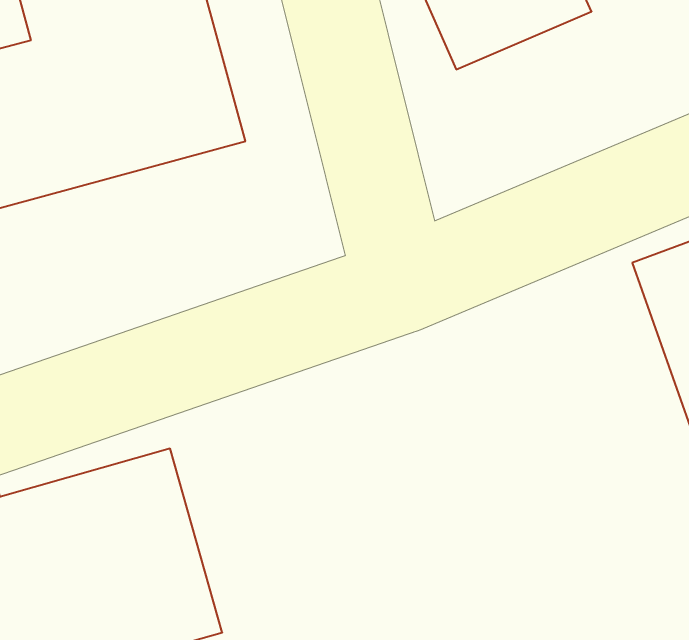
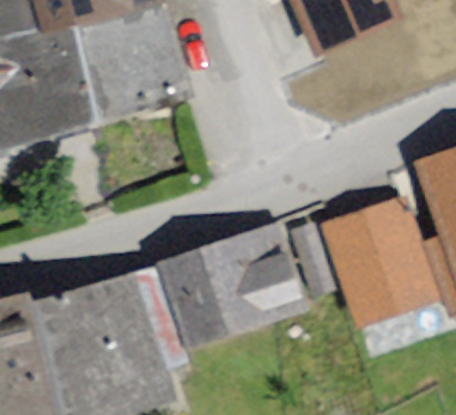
building: none -> [323,202,431,325]
building: none -> [159,225,296,341]

